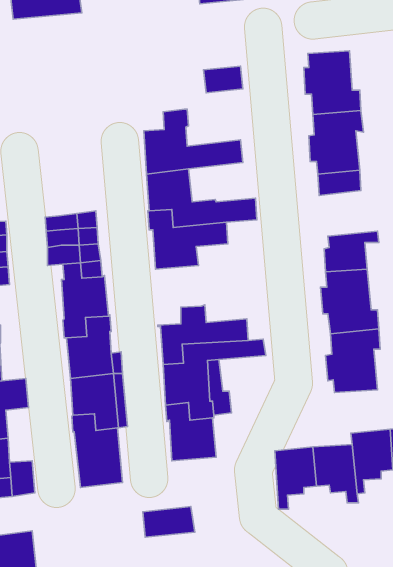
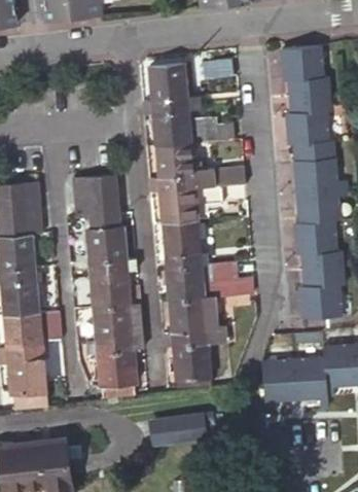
building: none -> [148,60,186,110]
building: none -> [295,157,343,195]
building: none -> [163,218,200,267]

